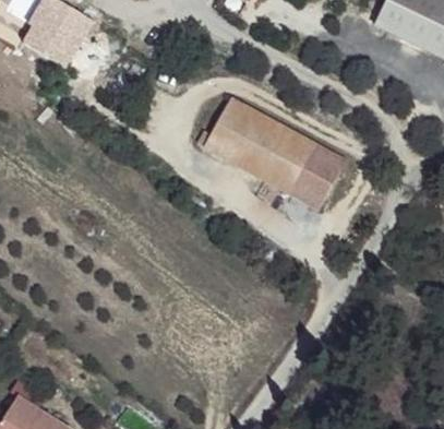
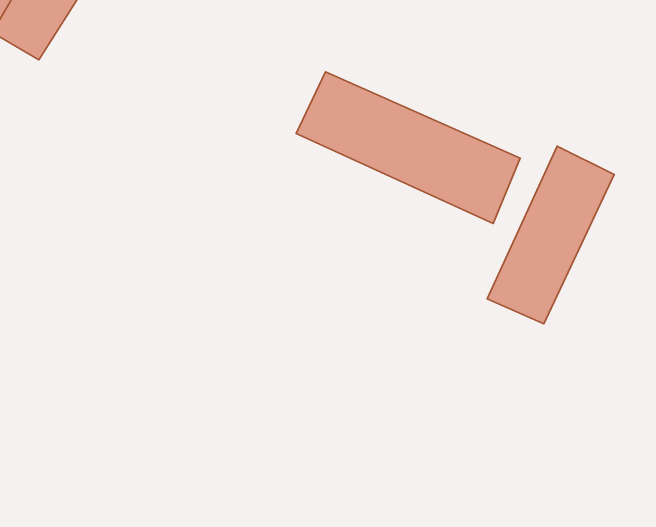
building: none -> [487,146,614,324]

